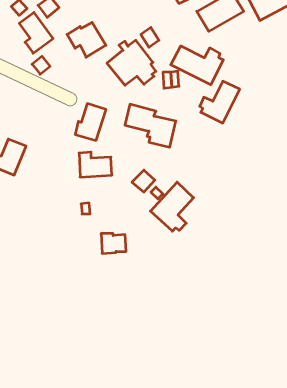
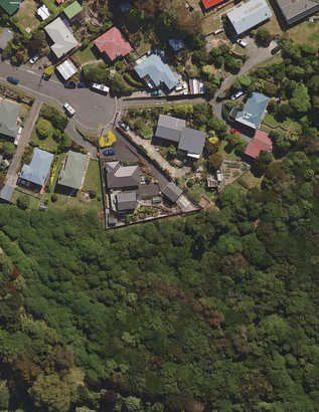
building: [171,46,223,85] -> none
building: [75,104,106,140] -> [56,150,88,187]
building: none -> [243,131,273,157]
building: [150,182,194,231] -> none
building: [101,234,126,253] -> [110,190,135,210]

